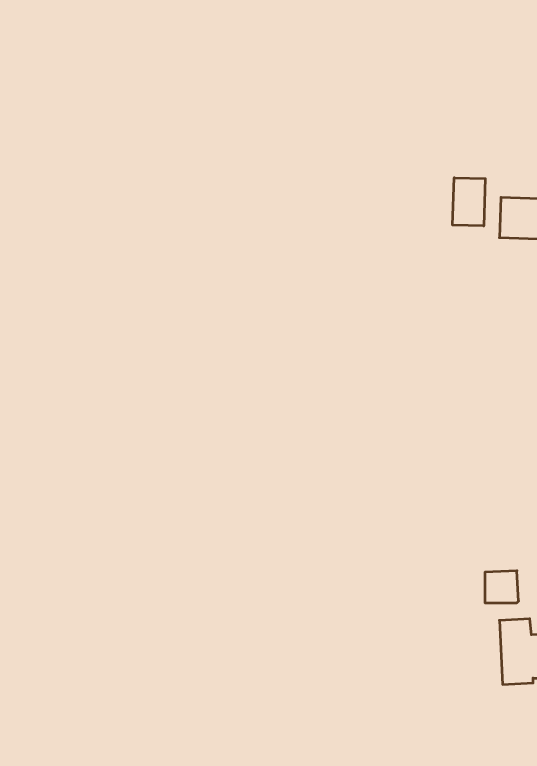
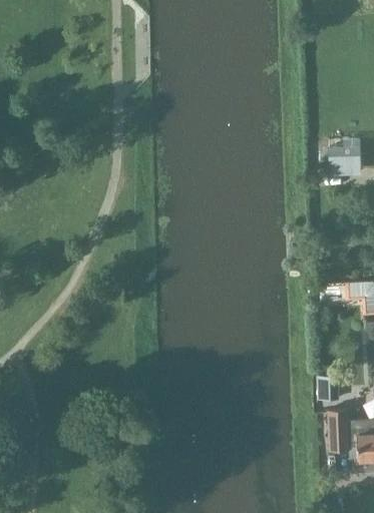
building: [453,178,485,226] -> none

